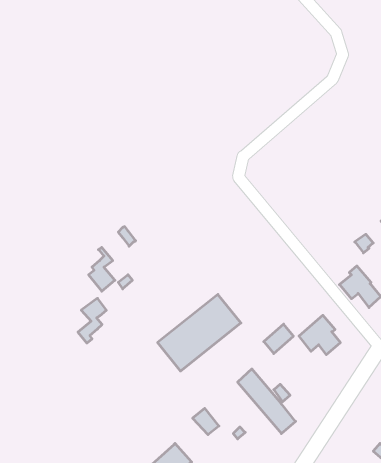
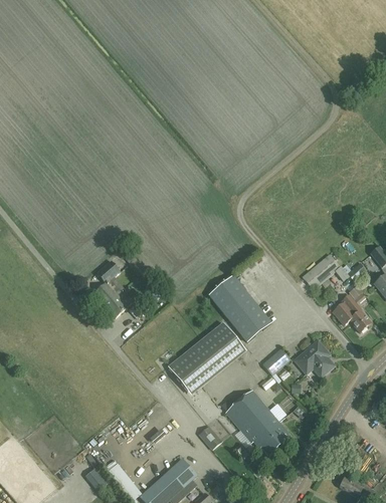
building: none -> [303,254,341,289]
building: none -> [210,276,271,341]
building: [78,298,106,343] -> [94,262,121,303]
building: none -> [226,402,279,457]

